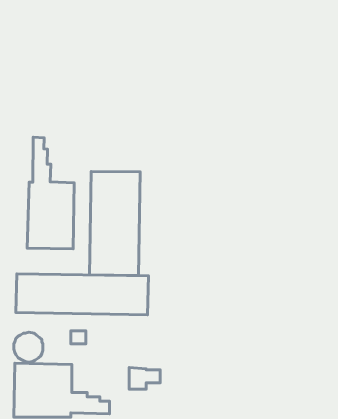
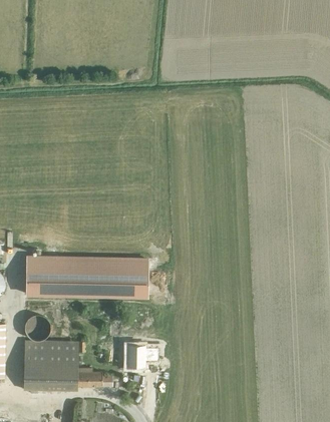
building: [27,137,74,249] -> none
building: [90,171,140,275] -> none

